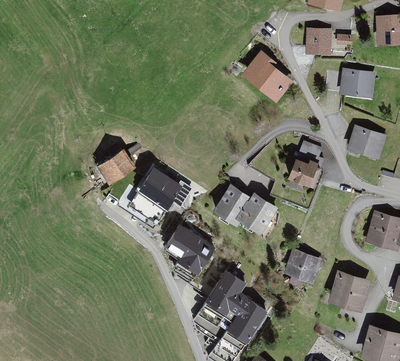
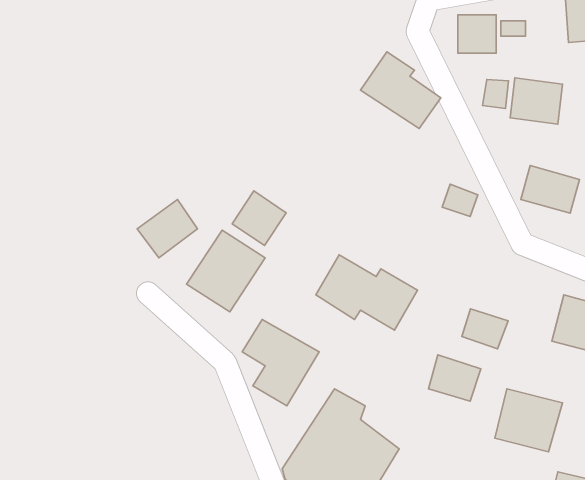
building: none -> [232,191,286,246]
building: [292,159,321,184] -> none
building: none -> [462,309,508,349]

